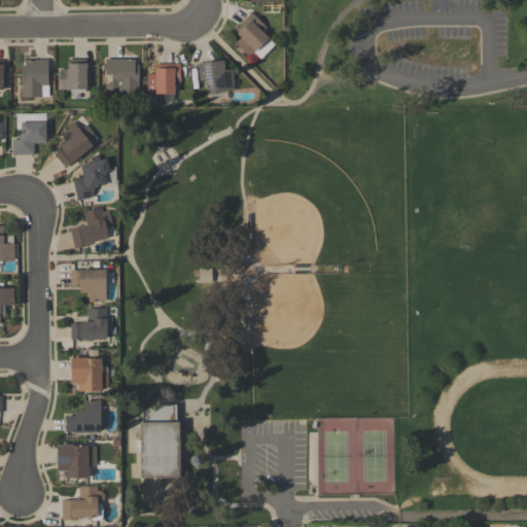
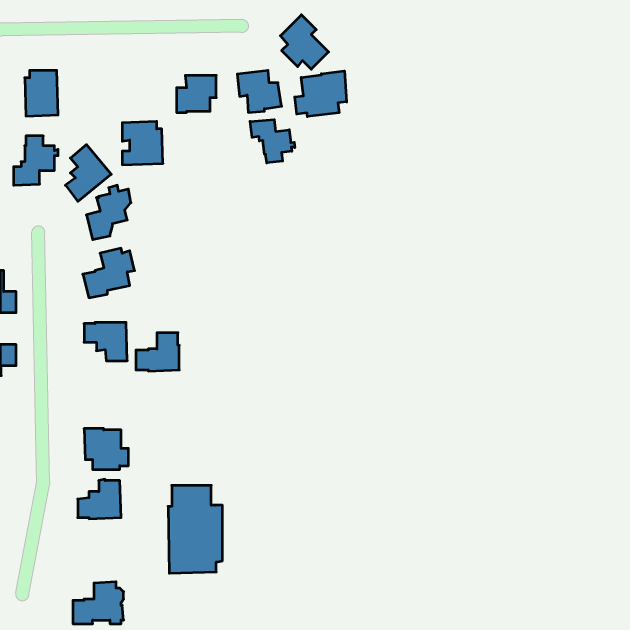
building: [106,58,140,94] -> [122,121,163,165]
building: none -> [295,71,347,117]
building: [61,63,87,90] -> none
building: none -> [250,120,295,163]
building: [71,308,107,340] -> [136,333,179,371]
building: [58,444,96,478] -> none

